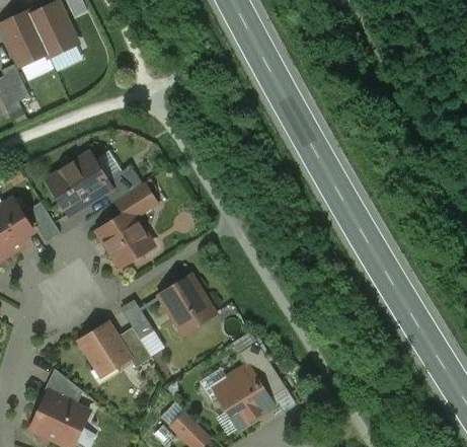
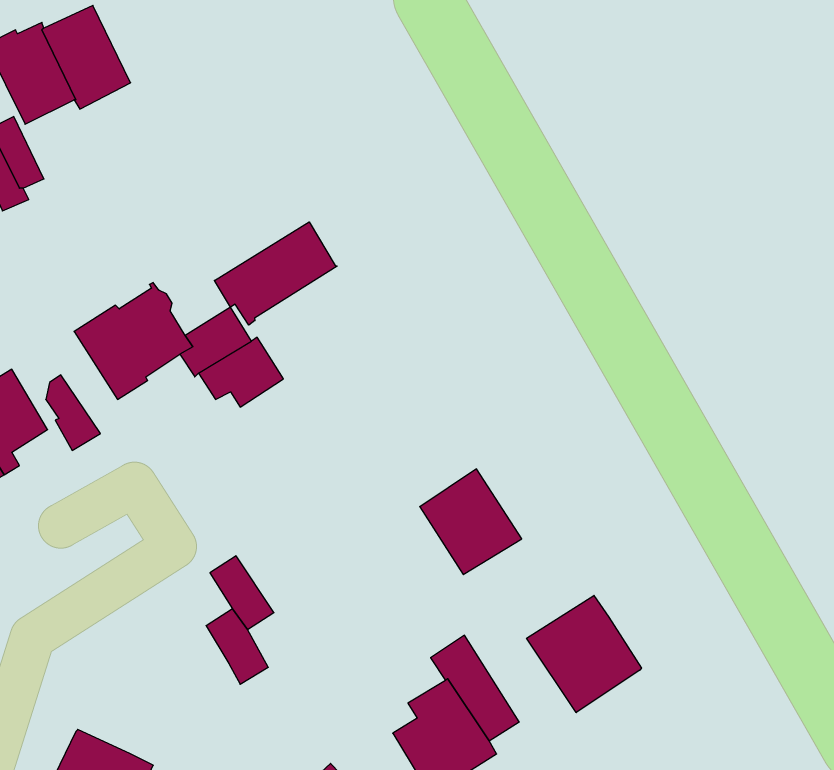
building: none -> [214,222,337,325]
building: [97,211,151,266] -> none
building: [159,276,214,332] -> [420,469,522,575]
building: none -> [527,595,641,713]
building: [78,322,129,370] -> none
building: [43,368,82,405] -> none

